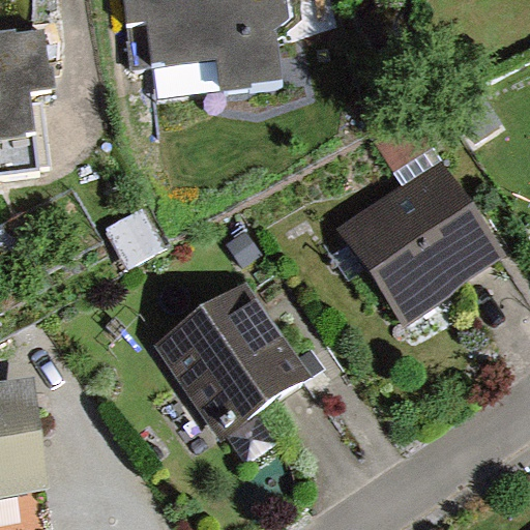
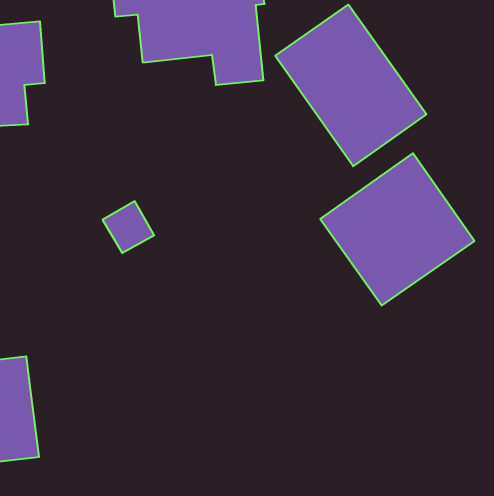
building: none -> [275,5,426,166]
building: [151,279,311,438] -> none

